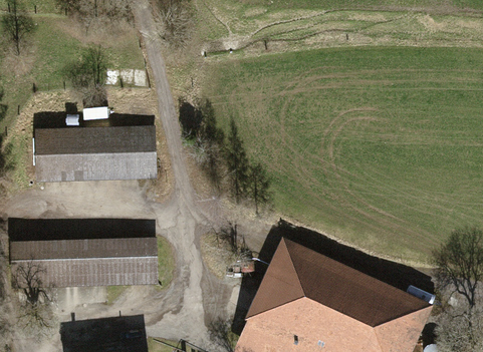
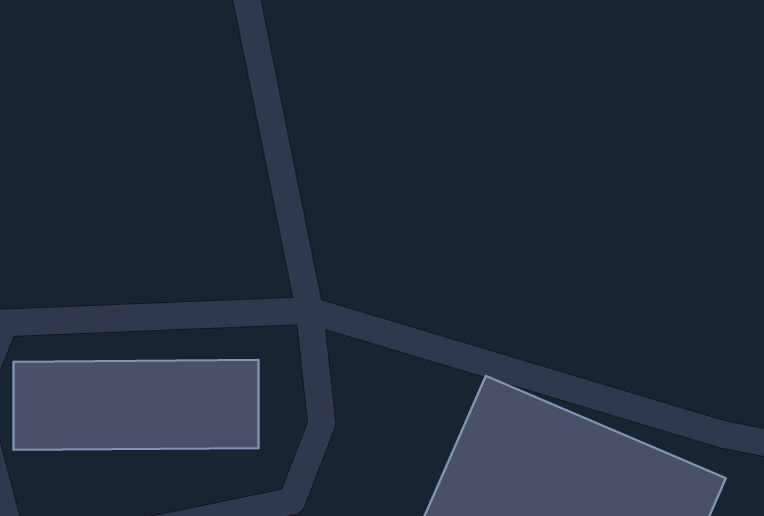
building: [34,128,161,179] -> none

